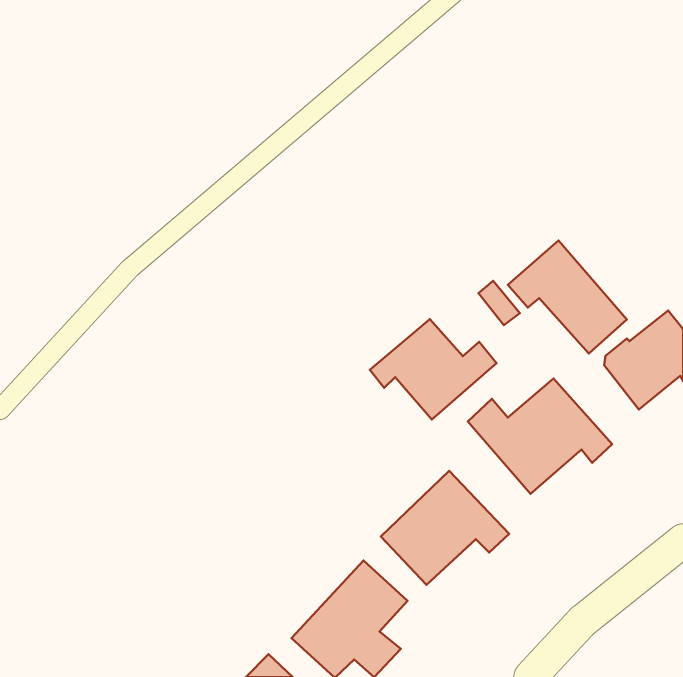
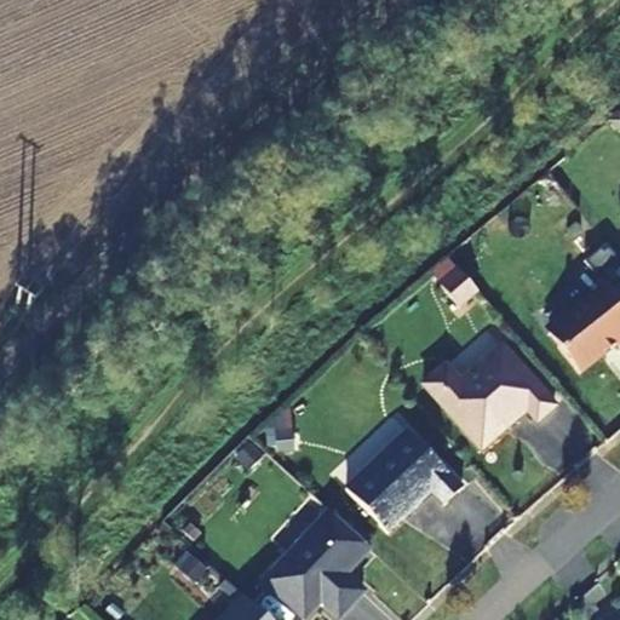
building: [508,241,627,353] -> none
building: [370,319,496,419] -> none

